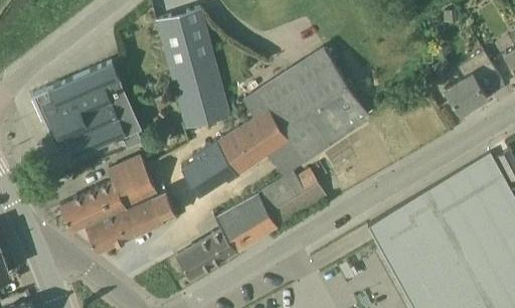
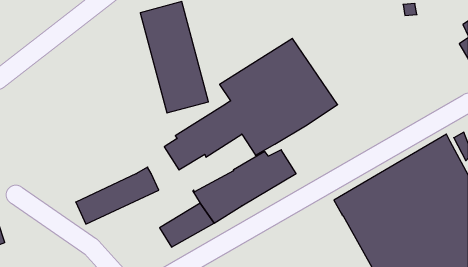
building: [445,50,503,113] -> none
building: [46,62,142,159] -> none
building: [59,157,156,230] -> none

